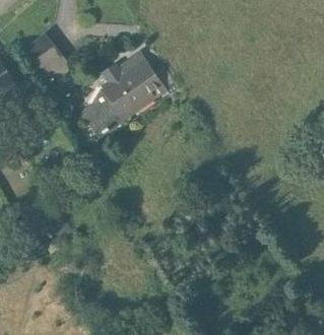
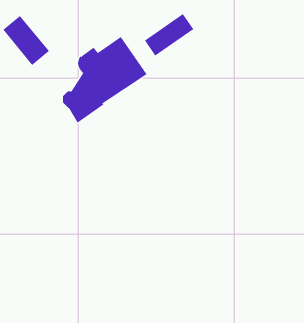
building: none -> [144,13,194,56]

